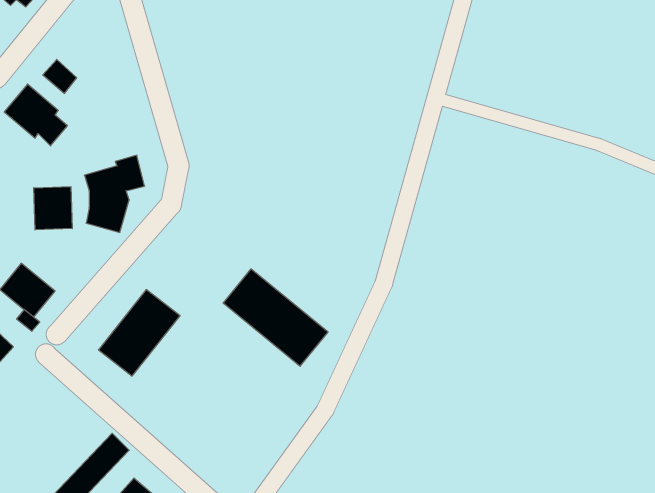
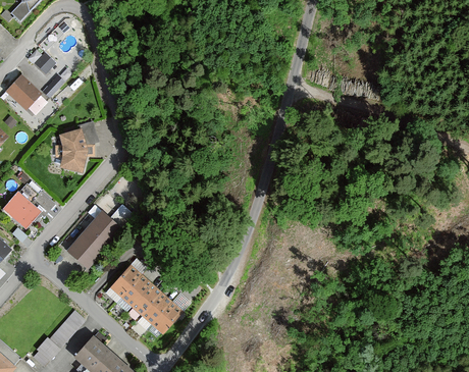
building: [34,187,72,230] -> none
building: [223,269,328,366] -> [111,266,180,330]

